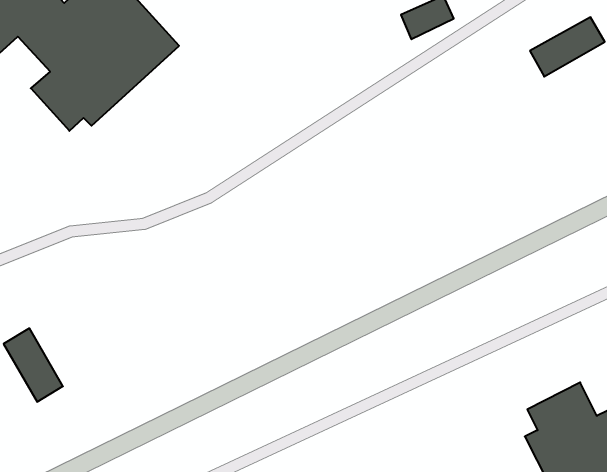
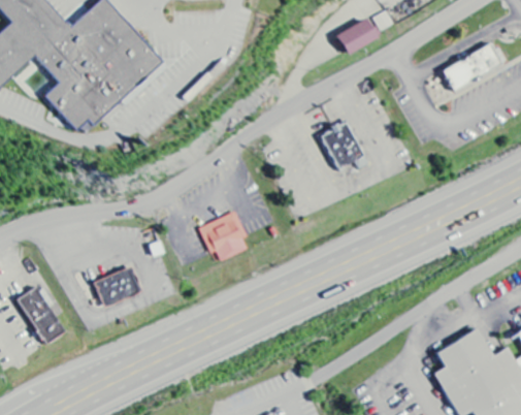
building: none -> [319,118,366,165]
building: none -> [201,213,249,264]
building: none -> [92,262,140,305]

